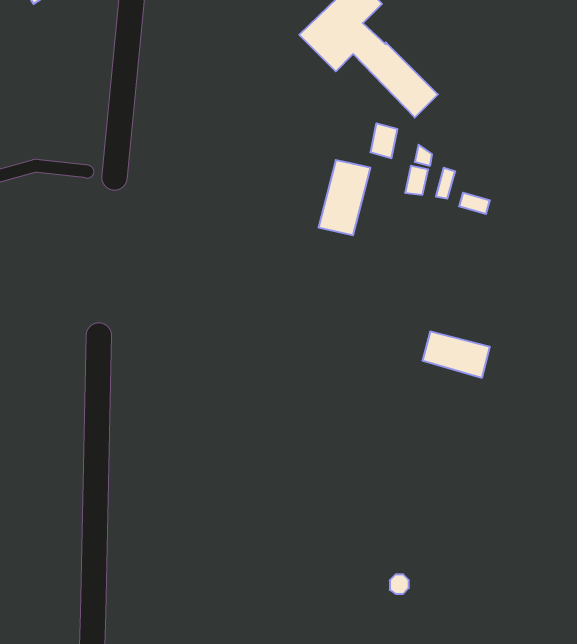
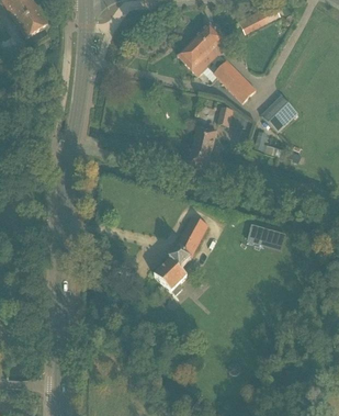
building: none -> [260,94,298,132]
building: none -> [154,216,208,294]

